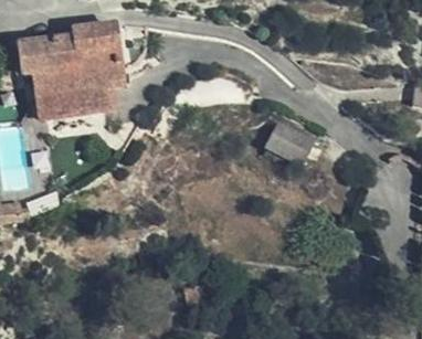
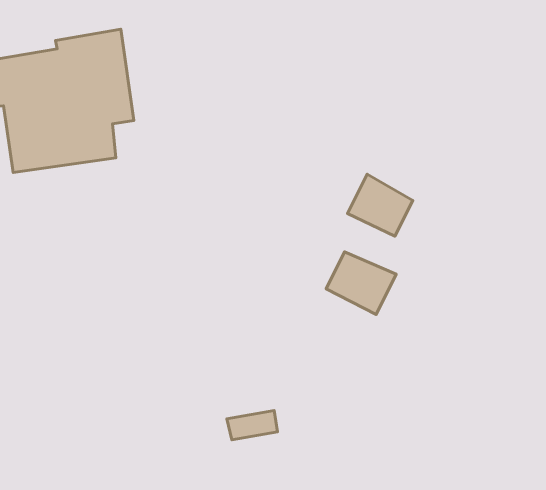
building: none -> [326,252,396,315]

